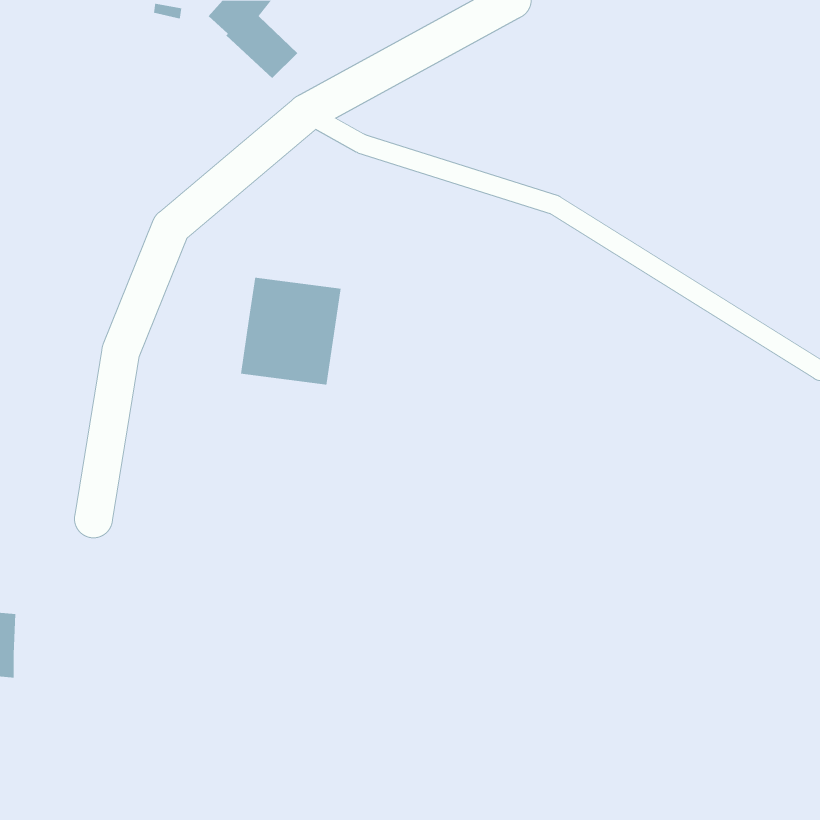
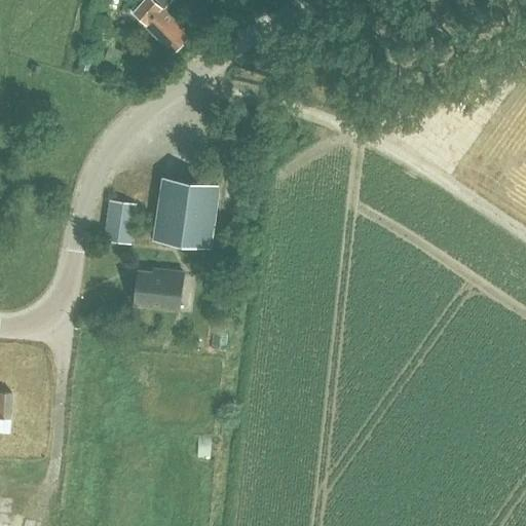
building: none -> [104,201,135,242]
building: none -> [129,270,183,310]

